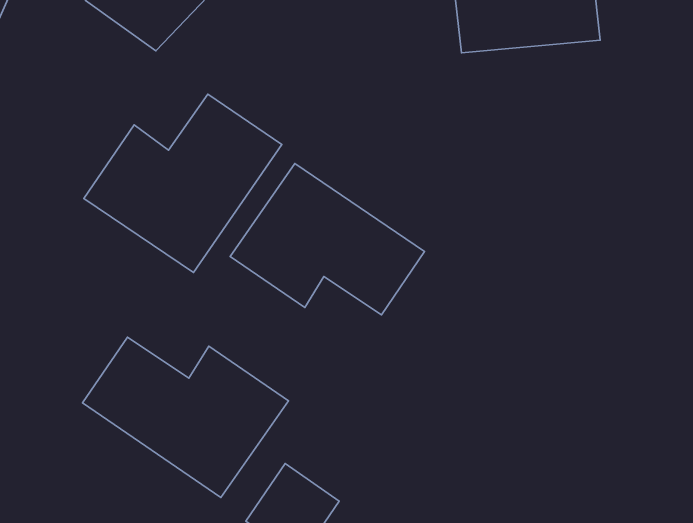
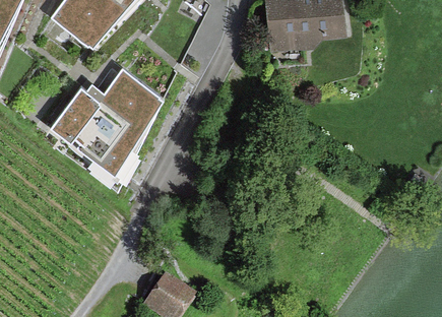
building: [230,164,425,315] -> none
building: [82,337,288,497] -> none

